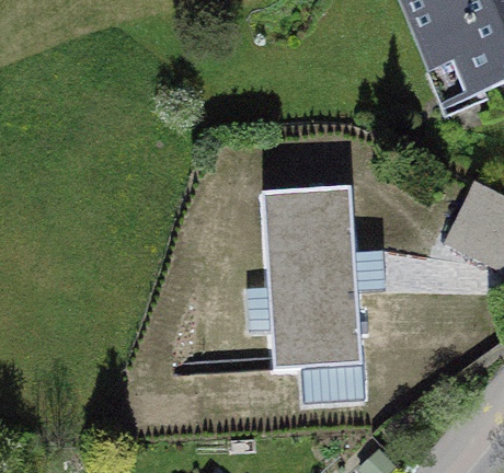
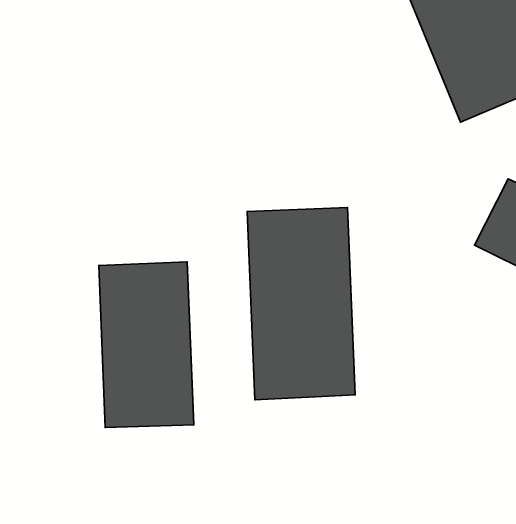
building: none -> [99,262,194,427]

